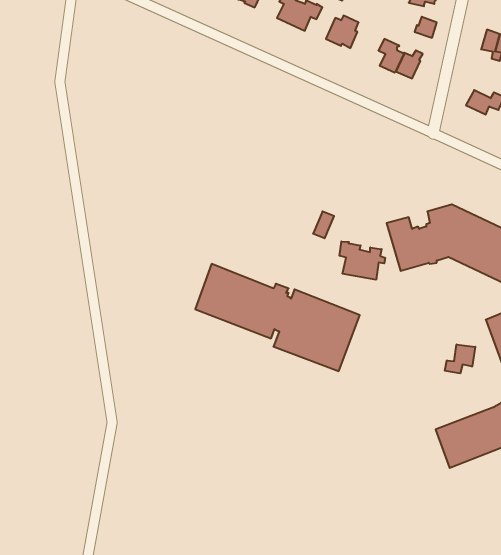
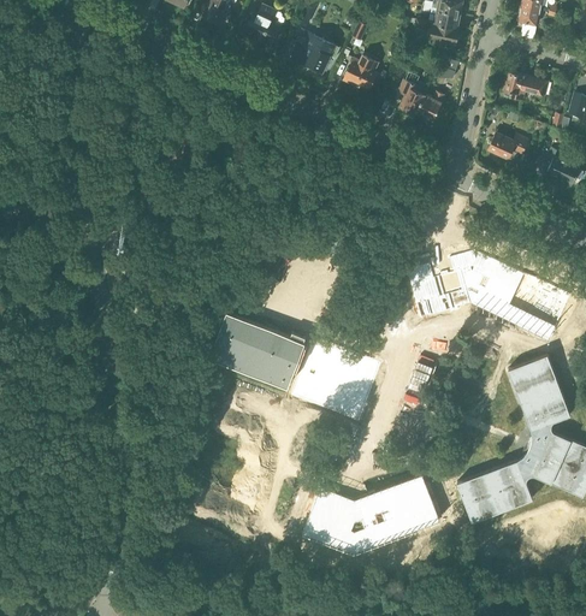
building: [339,241,385,280] -> none
building: [445,344,475,373] -> none
building: none -> [302,474,440,553]

